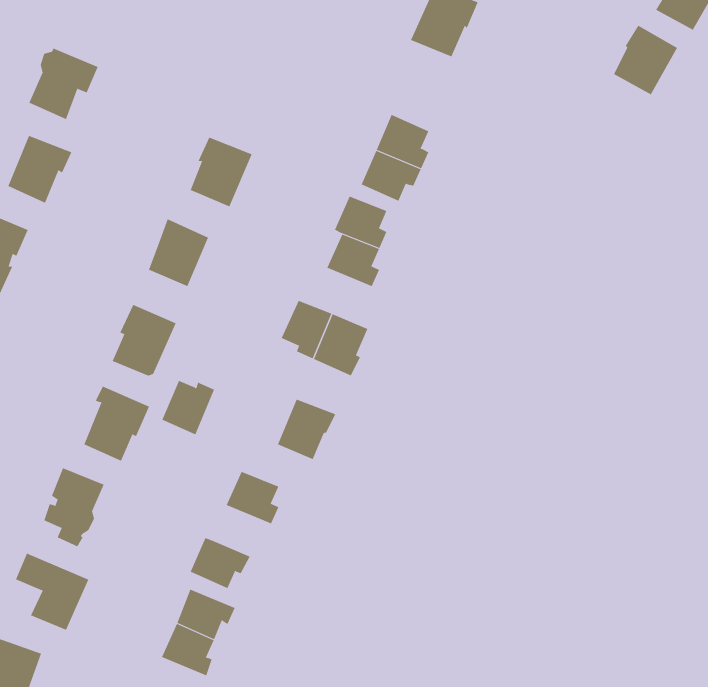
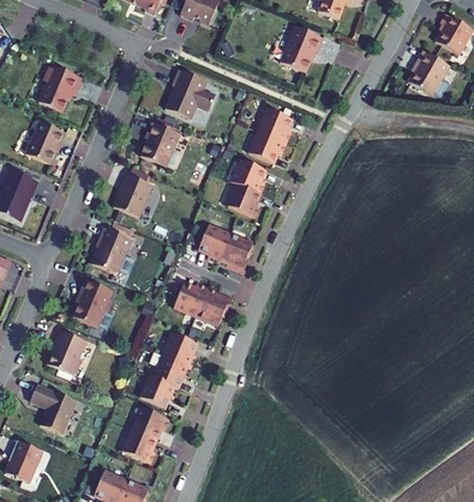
building: none -> [164,69,215,120]
building: [162,380,215,435] -> [174,282,208,316]
building: none -> [154,355,192,387]

